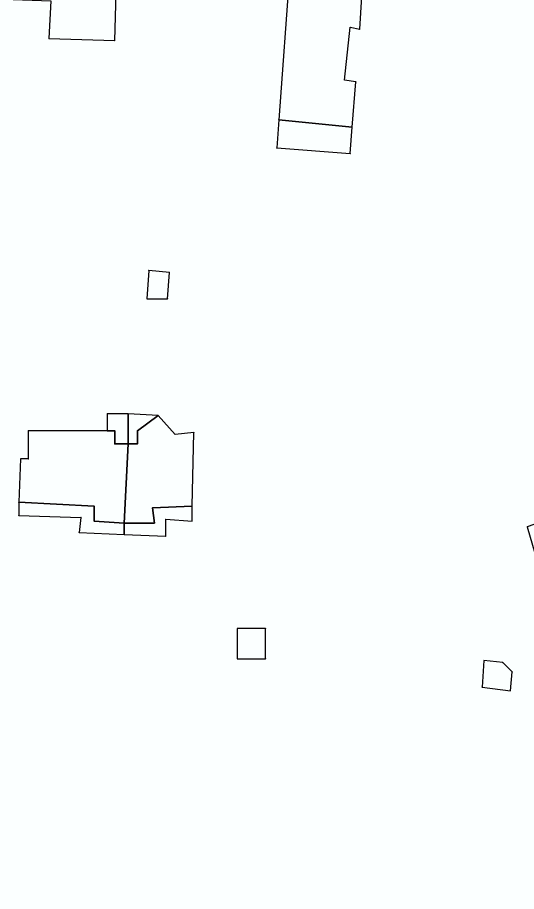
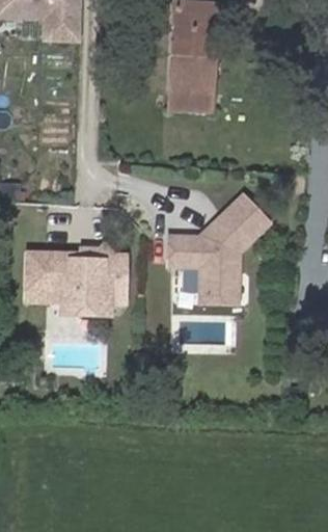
building: none -> [167,193,267,297]

